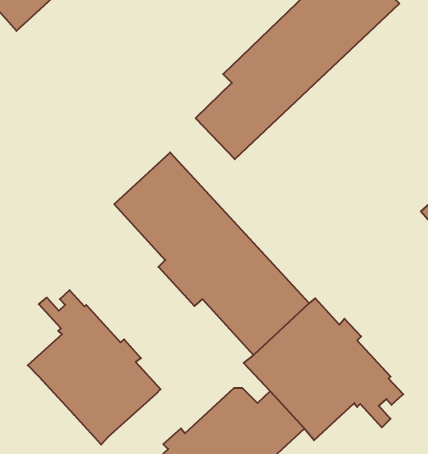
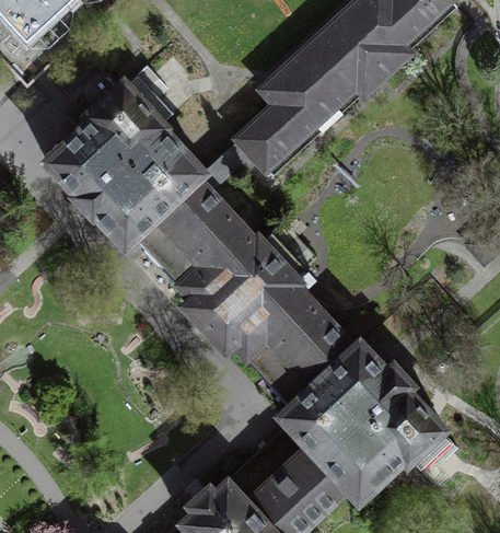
building: none -> [48,81,206,245]
building: [28,290,161,445] -> none

